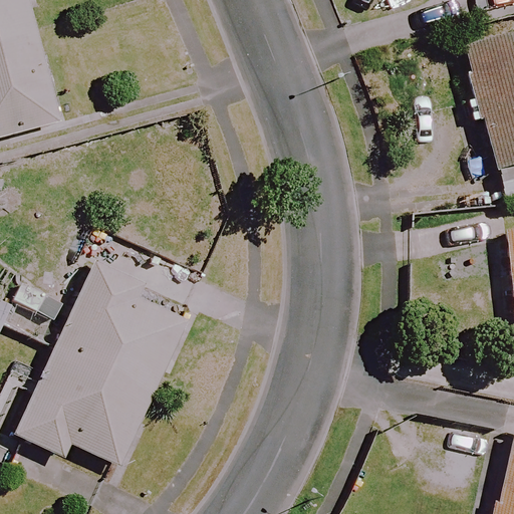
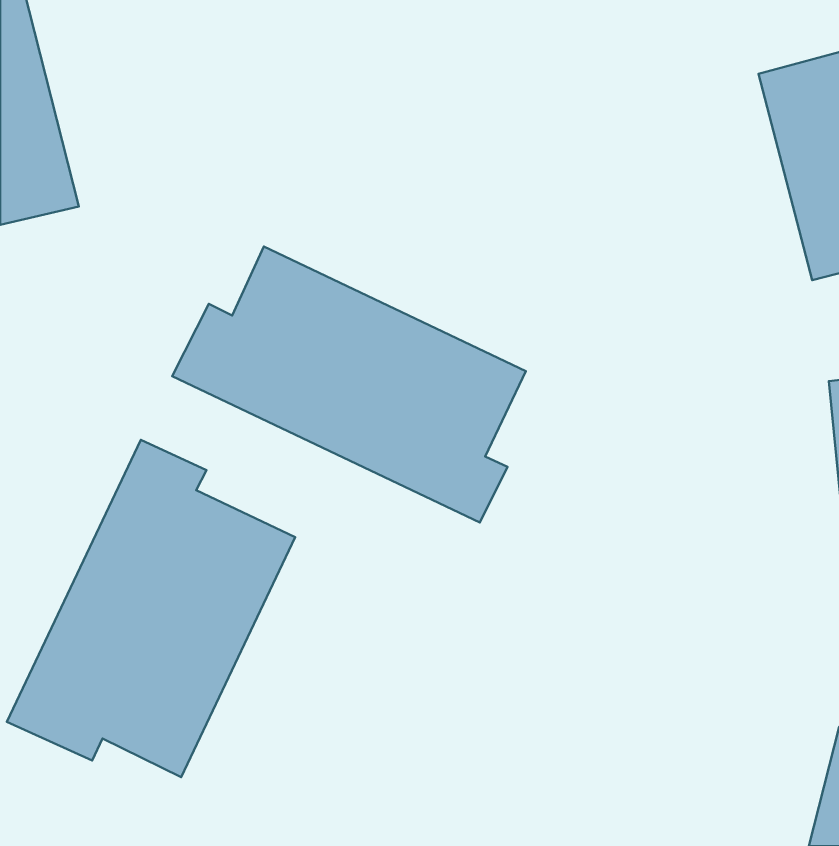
building: none -> [172,247,526,523]

